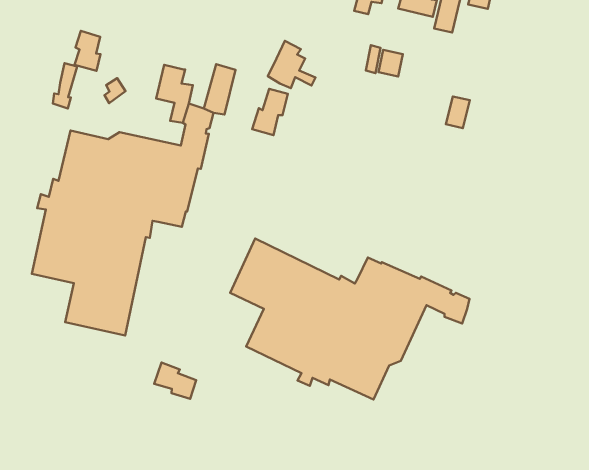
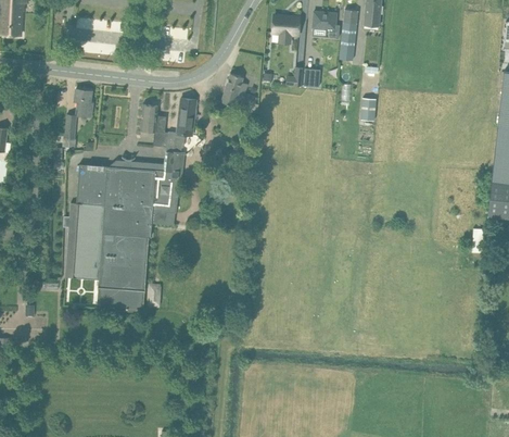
building: [252,89,288,135] -> none
building: [230,238,469,400] -> none
building: [154,362,196,399] -> none

